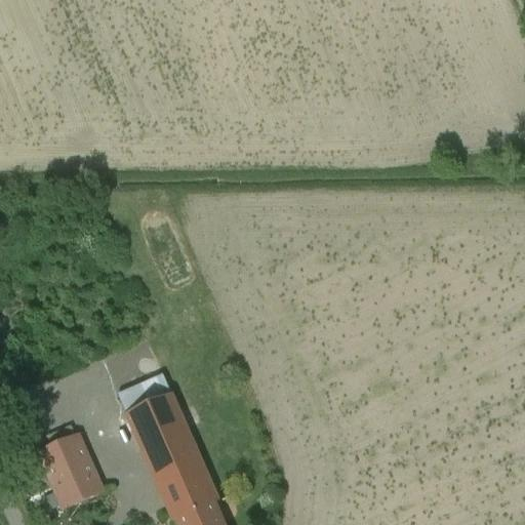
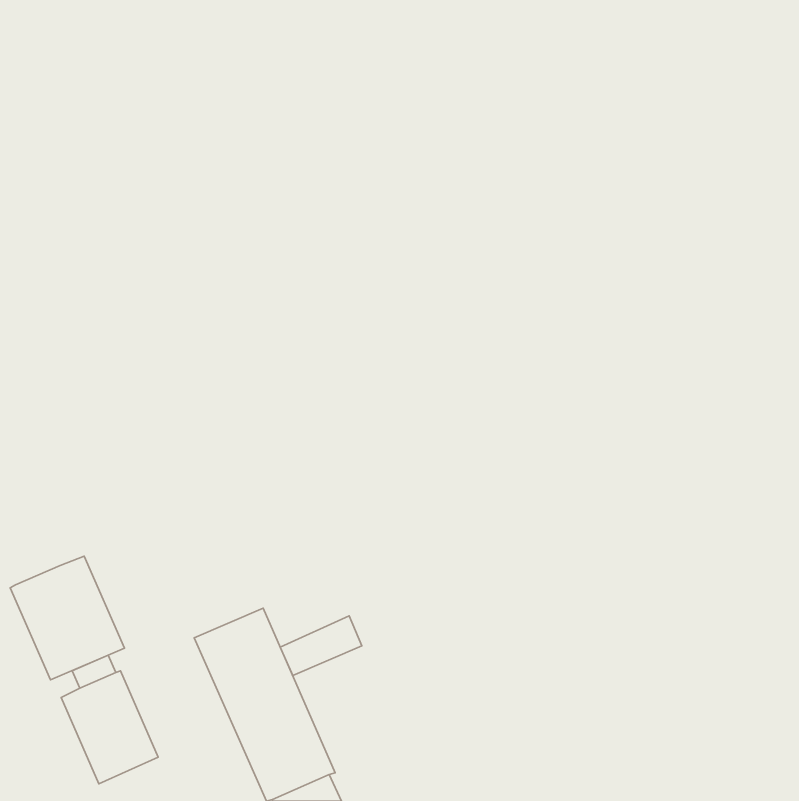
building: none -> [10,556,124,680]
building: [120,378,173,417] -> [280,616,362,675]

